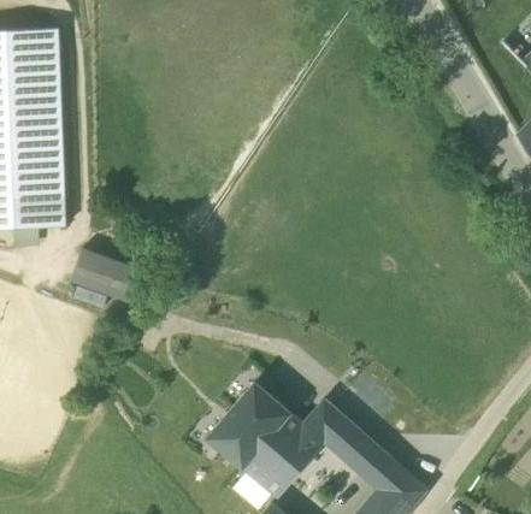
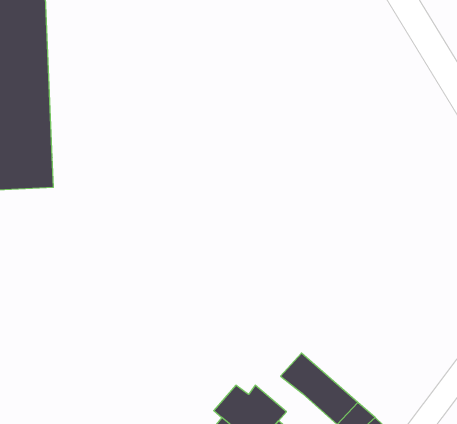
building: [70,249,143,303] -> none
building: [207,382,325,461] -> none

